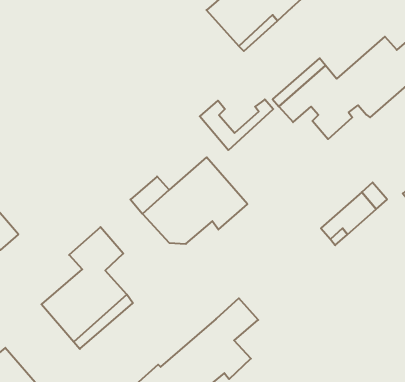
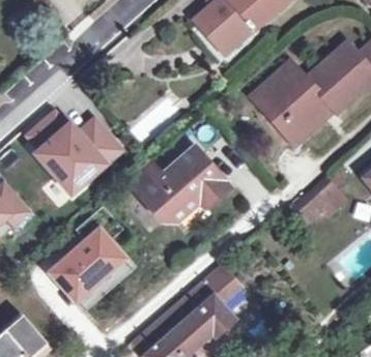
building: [200,99,273,150] -> [268,102,332,146]
building: none -> [28,116,118,195]

